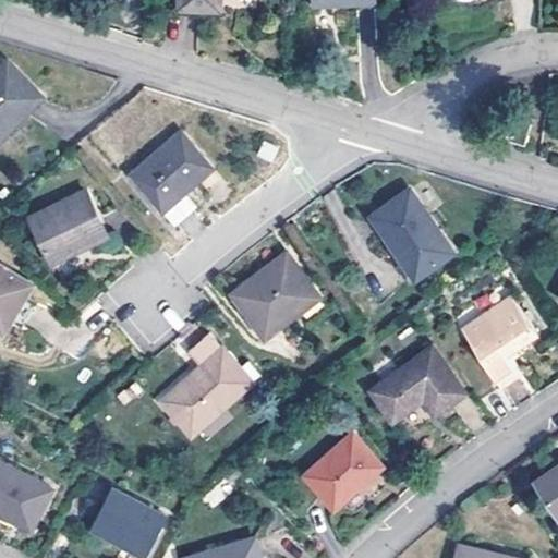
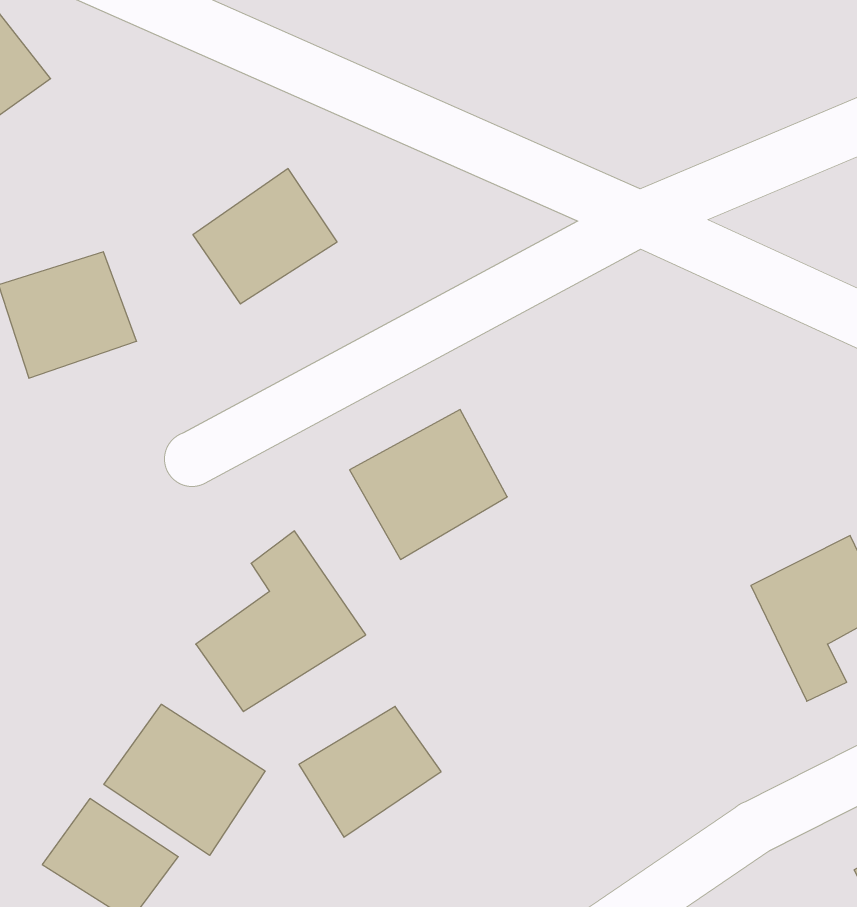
building: [371,189,456,281] -> none
building: [367,349,463,423] -> none
building: none -> [104,704,265,855]
building: [303,436,381,511] -> [299,706,441,837]

